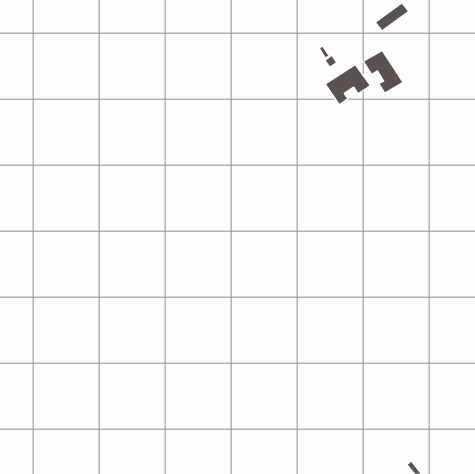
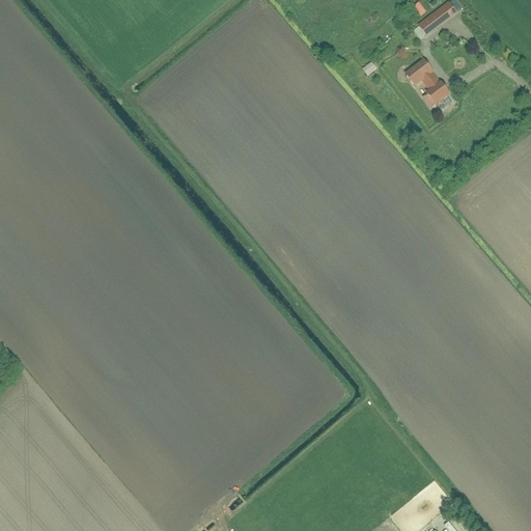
building: [325,64,370,105] -> none

